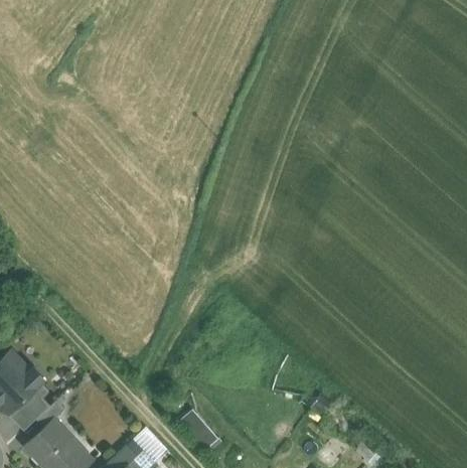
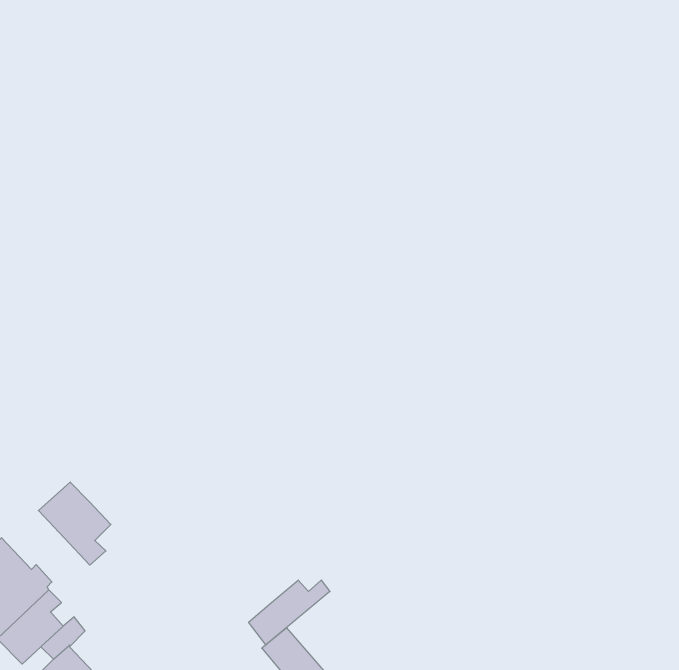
building: none -> [38,482,111,565]
building: none -> [249,580,330,645]

